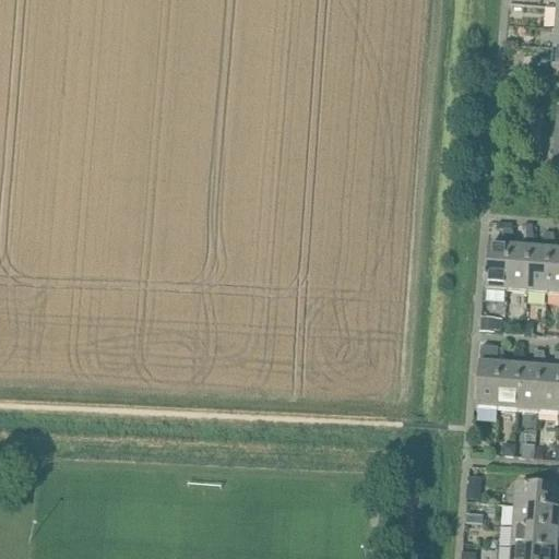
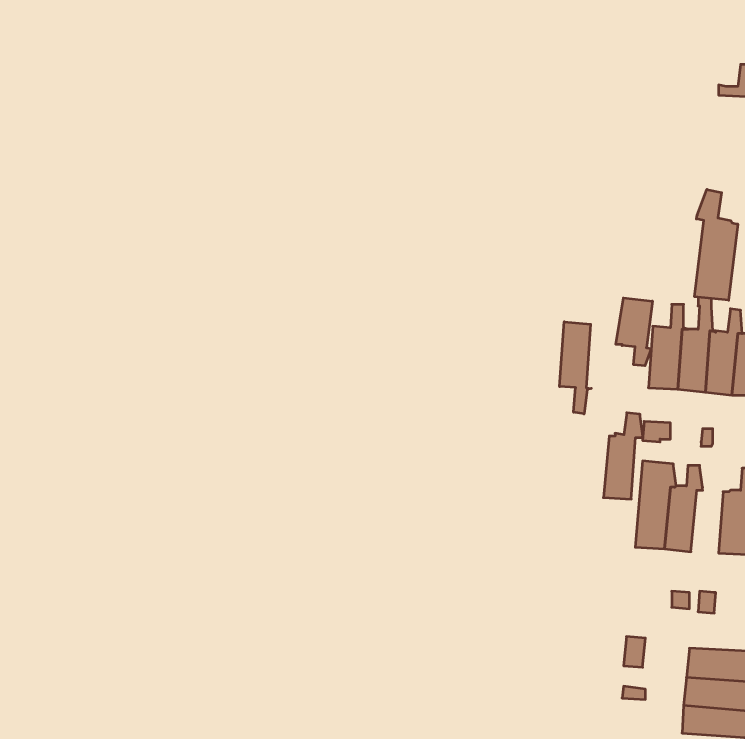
building: none -> [695,189,738,300]
building: none -> [616,298,652,366]
building: none -> [560,322,591,414]
building: [518,348,547,413] -> [603,413,643,499]

